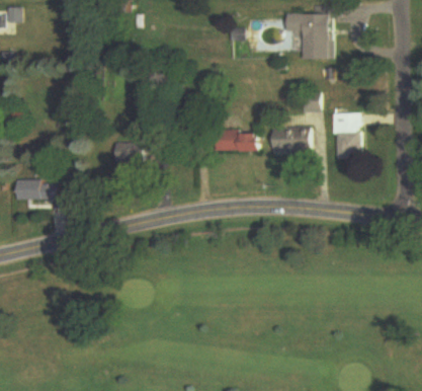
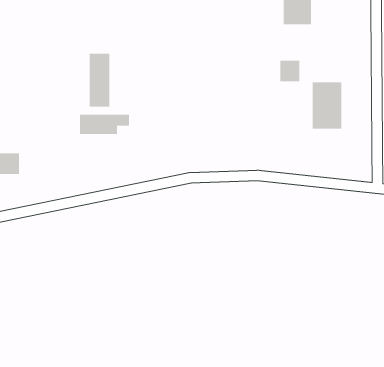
building: none -> [89,53,110,108]
building: [270,127,314,154] -> none
building: [212,130,257,151] -> none

